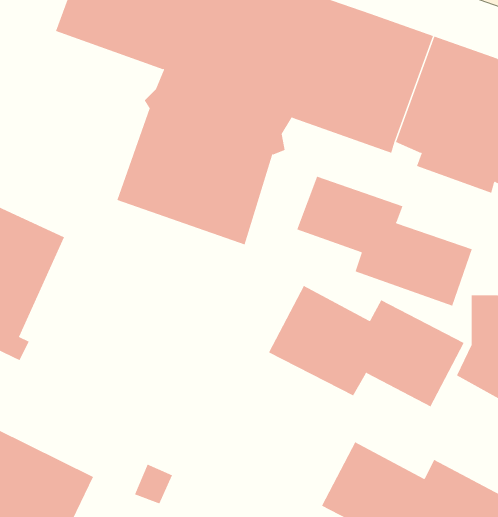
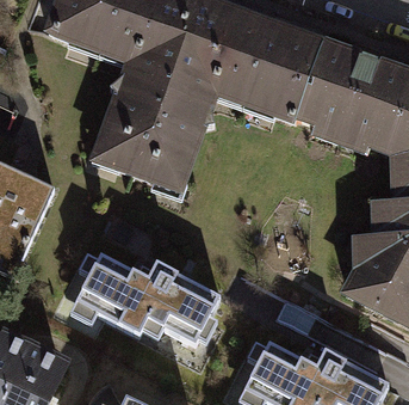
building: [297,176,473,307] -> none
building: [268,285,465,407] -> [75,253,221,344]

